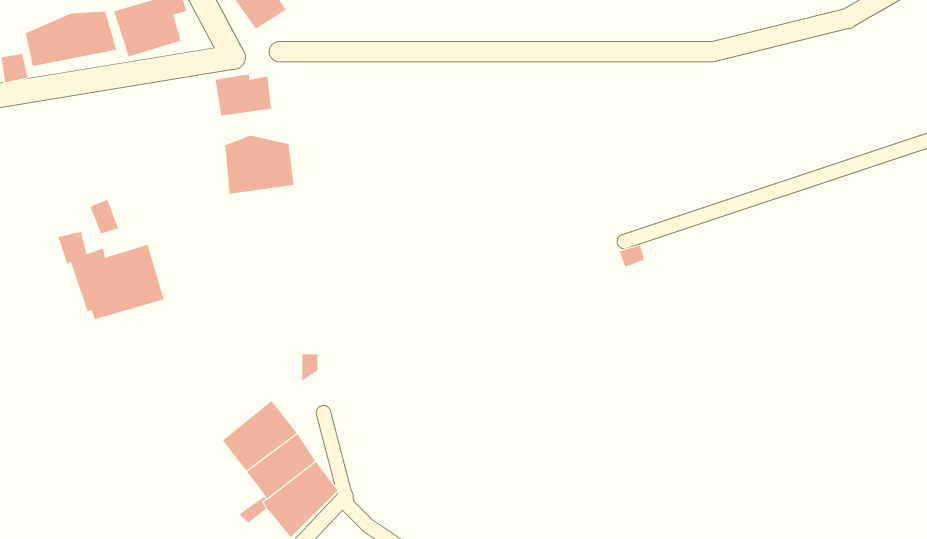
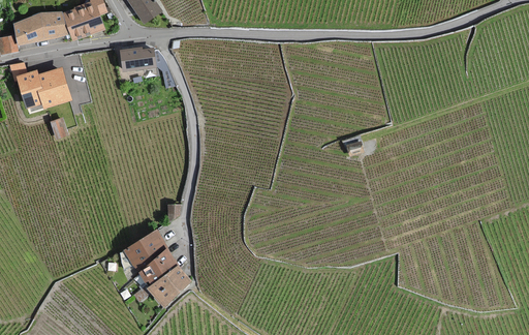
building: [225,135,294,195] -> none
building: [58,231,165,320] -> [10,61,70,111]

